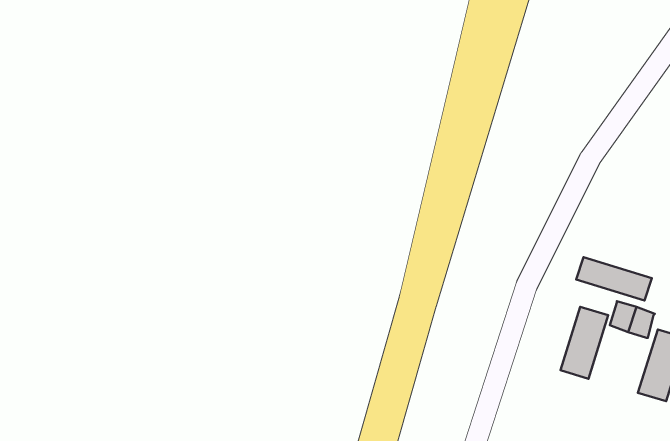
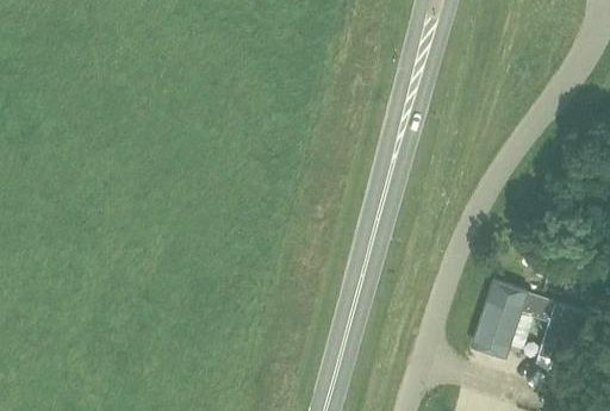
building: [576,257,652,301] -> none

